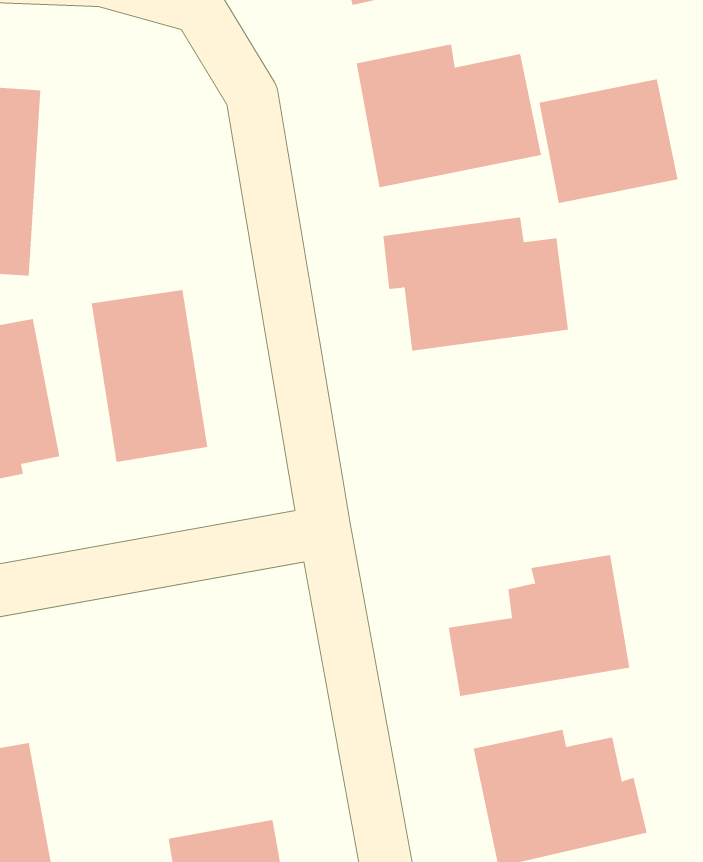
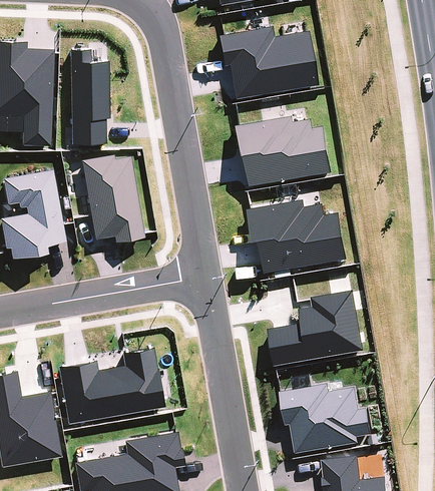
building: [539,79,678,204] -> none
building: none -> [69,49,108,143]
building: none -> [248,201,348,276]
building: none -> [58,347,163,424]

